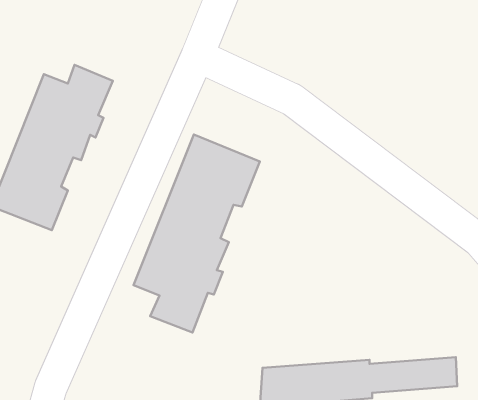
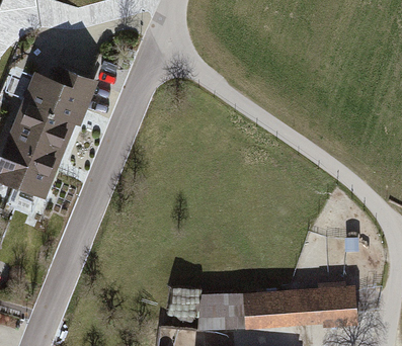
building: [134,134,260,332] -> none

